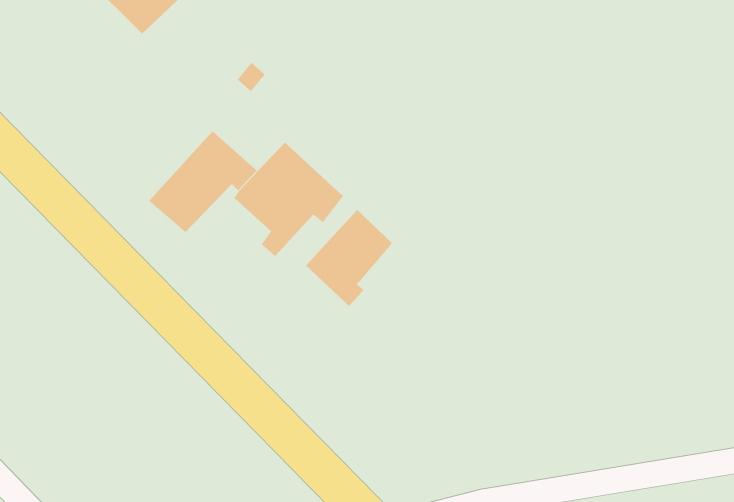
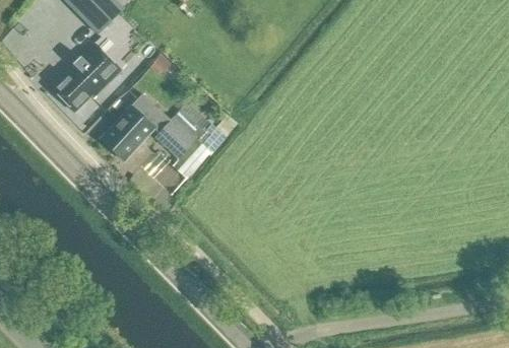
building: none -> [53,44,121,112]
building: [305,209,393,307] -> none

